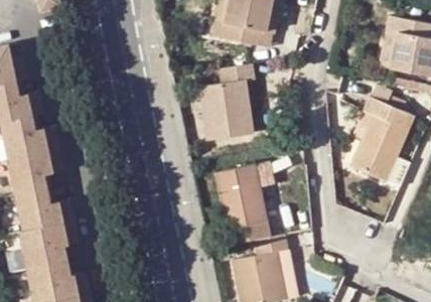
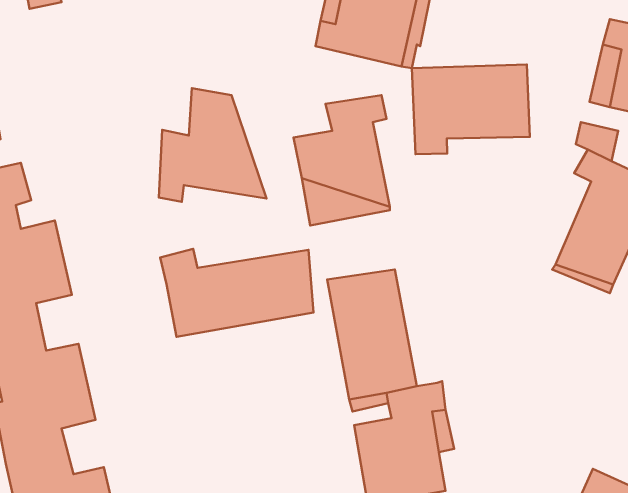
building: none -> [412,65,530,154]
building: none -> [159,88,266,202]
building: none -> [160,249,313,337]

